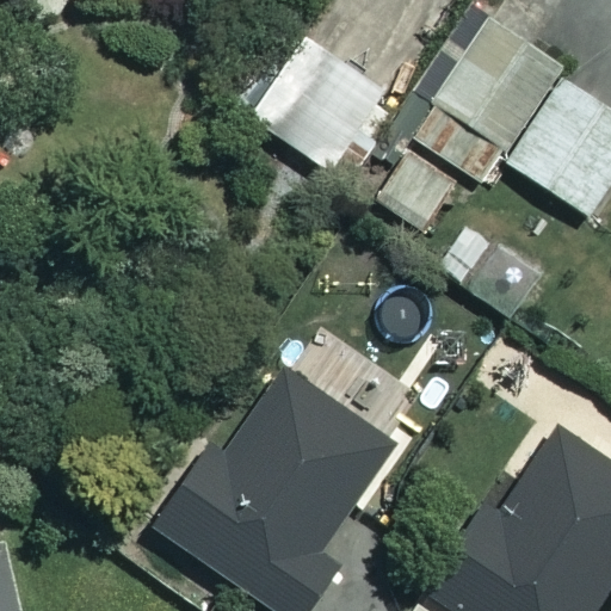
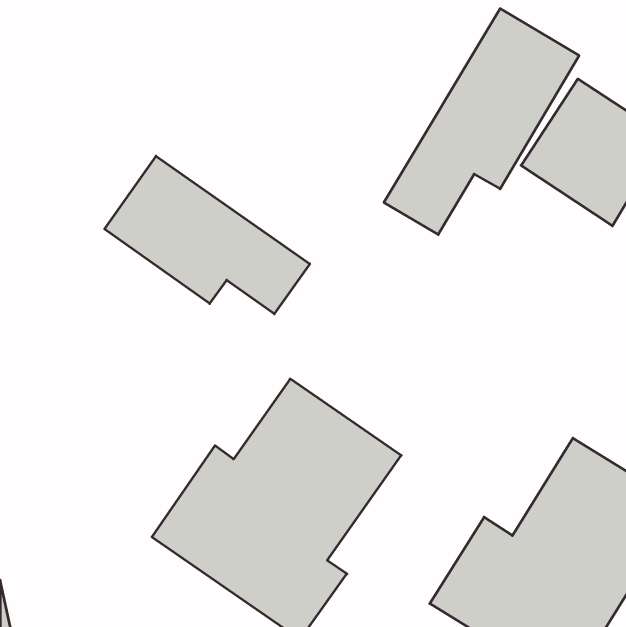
building: [261,42,390,173] -> none
building: none -> [105,156,310,314]

